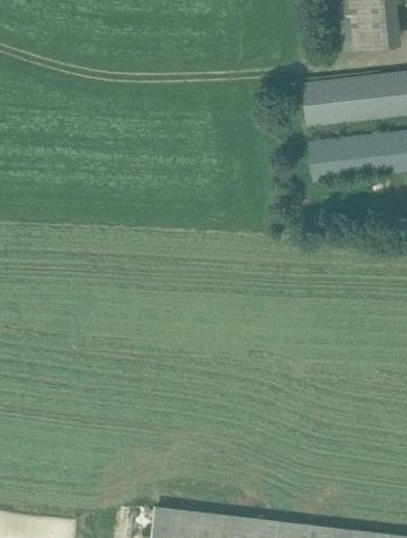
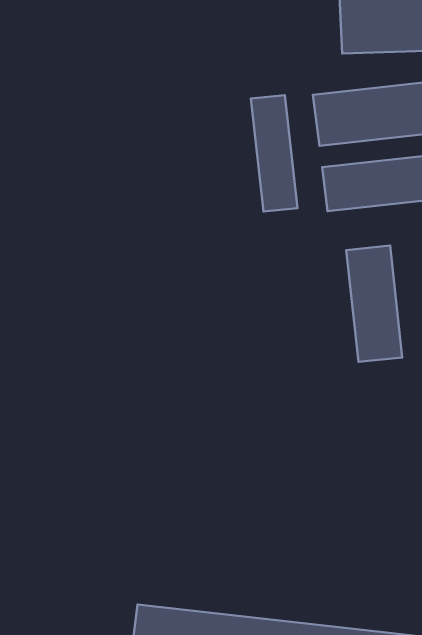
building: none -> [251,95,297,212]
building: none -> [346,246,402,362]

